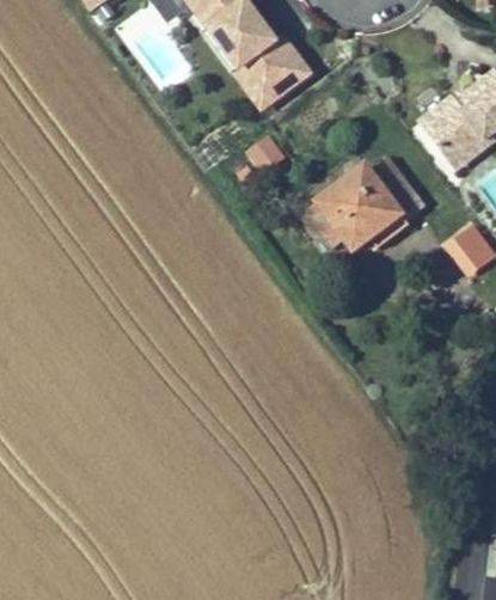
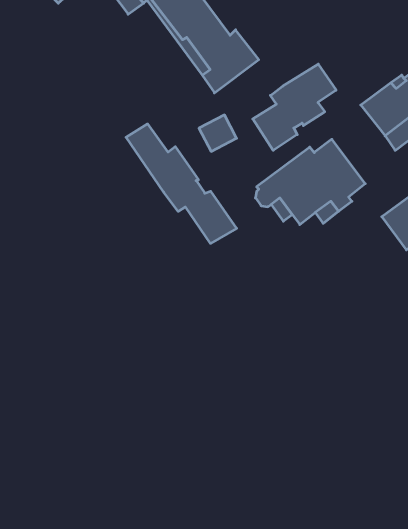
building: none -> [253,64,336,150]
building: none -> [126,124,237,243]

